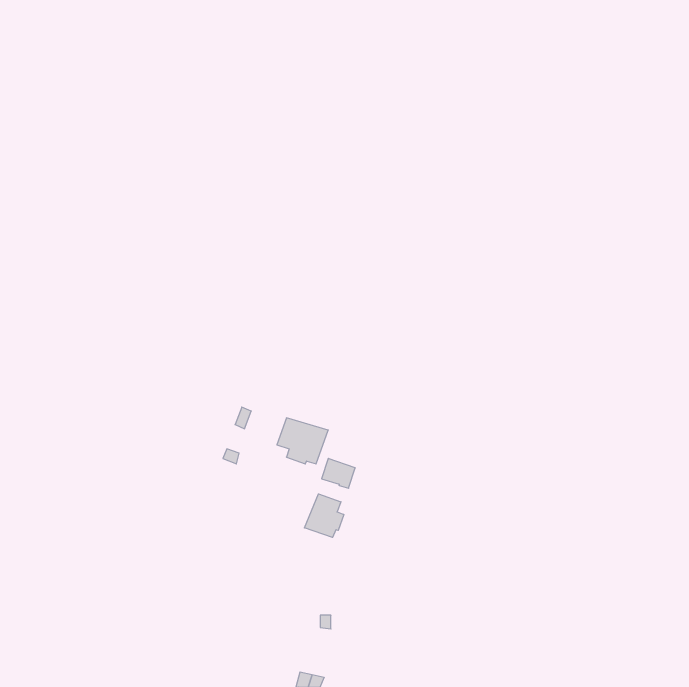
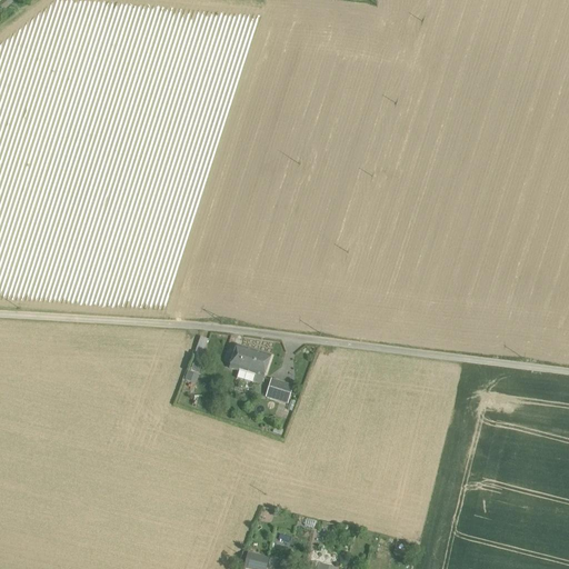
building: [304,494,344,537] -> none

